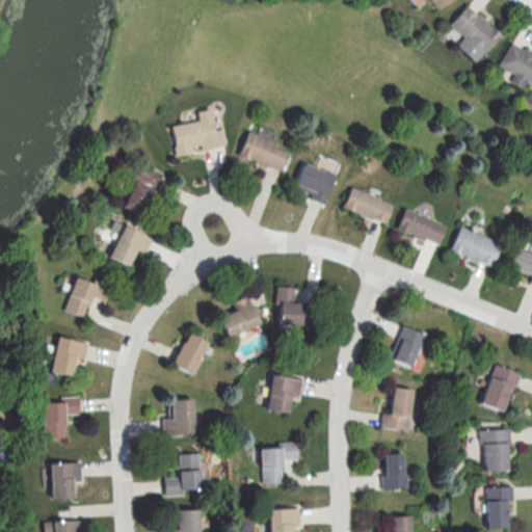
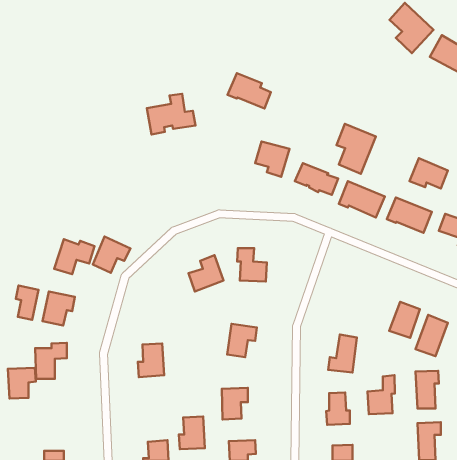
building: [239,133,289,174] -> [228,73,271,108]
building: none -> [337,124,376,174]
building: [125,167,165,214] -> none
building: none -> [410,158,448,188]
building: [111,224,155,266] -> [93,237,131,273]
building: [392,325,427,367] -> [389,302,420,338]
building: none -> [16,286,38,320]
building: [174,331,211,375] -> none
building: none -> [367,375,395,414]
building: [171,454,202,491] -> [179,417,205,449]
building: [52,462,84,498] -> [8,368,36,399]

